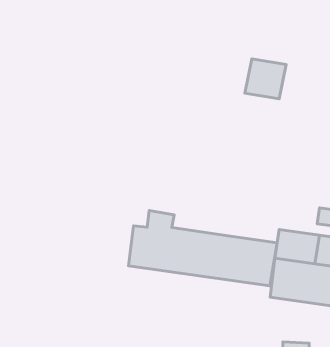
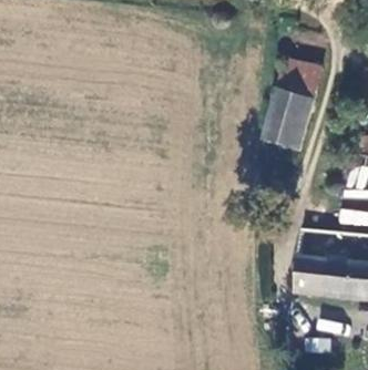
building: none -> [262,96,303,148]
building: [129,210,277,286] -> none

